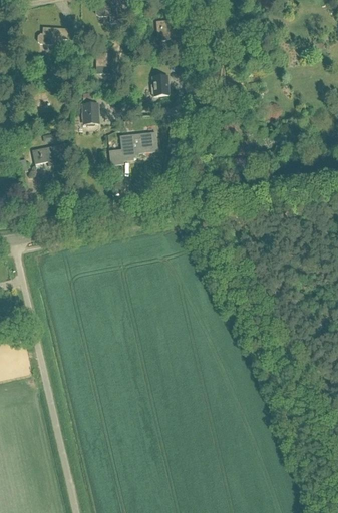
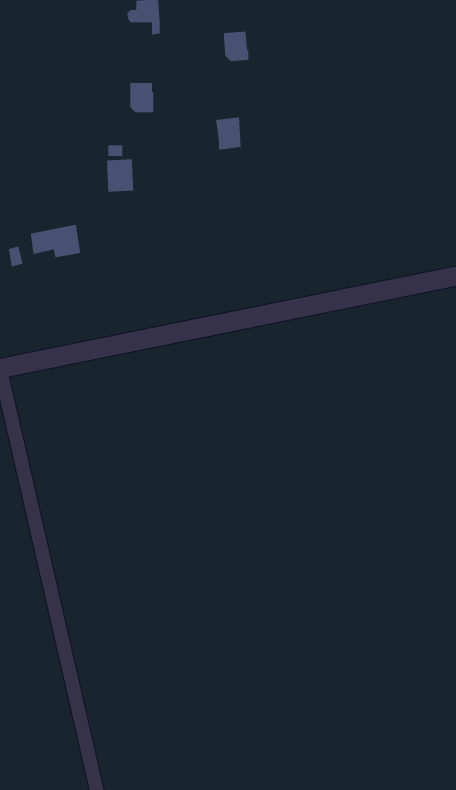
building: [36,27,66,44] -> none
building: [109,132,157,165] -> none

